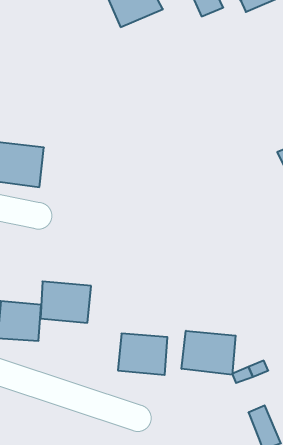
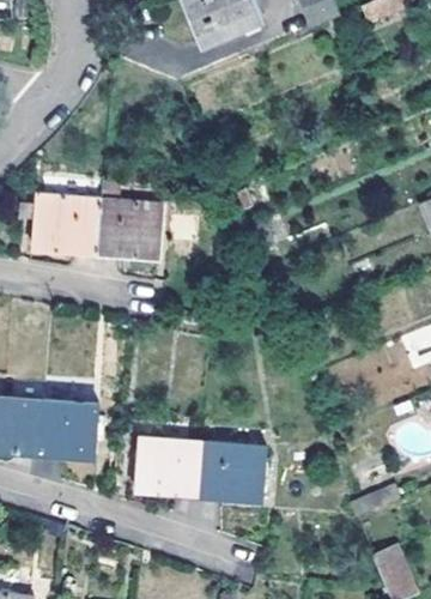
building: none -> [98,199,168,259]
building: [41,281,91,323] -> [140,441,207,496]
building: [182,331,236,375] -> none

